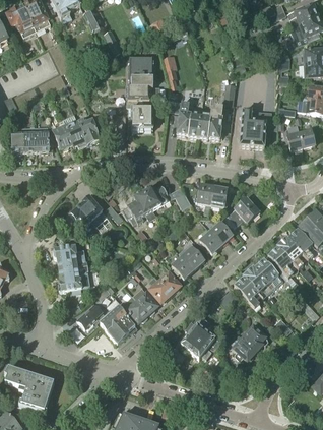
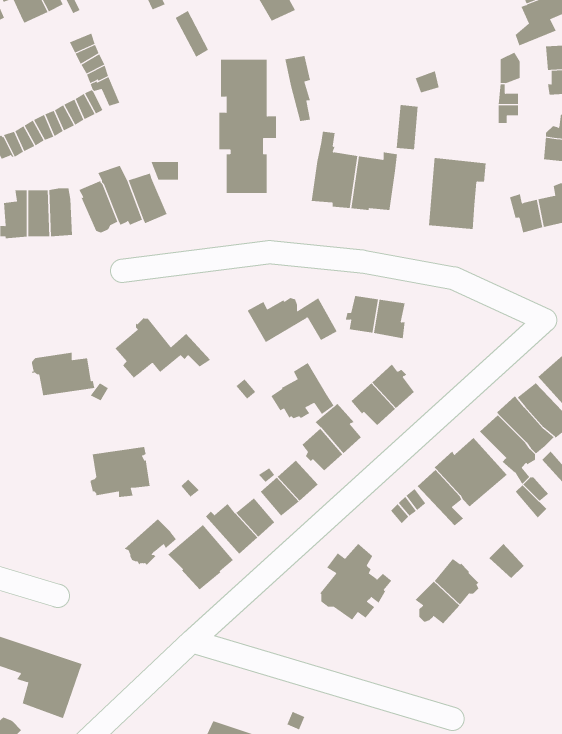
building: [122,191,156,222] -> [270,362,335,419]
building: [221,196,259,228] -> none
building: [53,245,87,268] -> [31,352,95,396]

